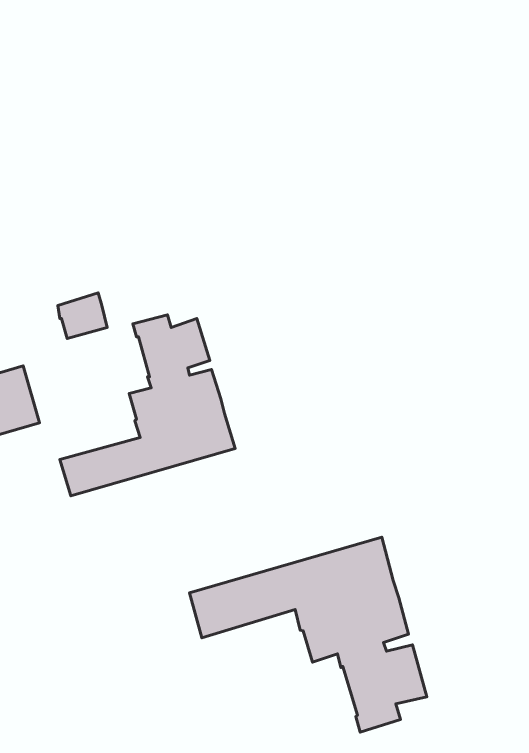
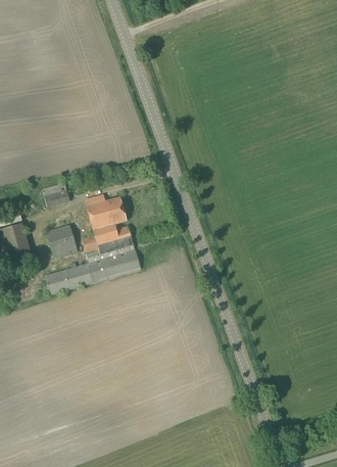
building: none -> [46,225,78,260]
building: [189,537,427,732] -> none

